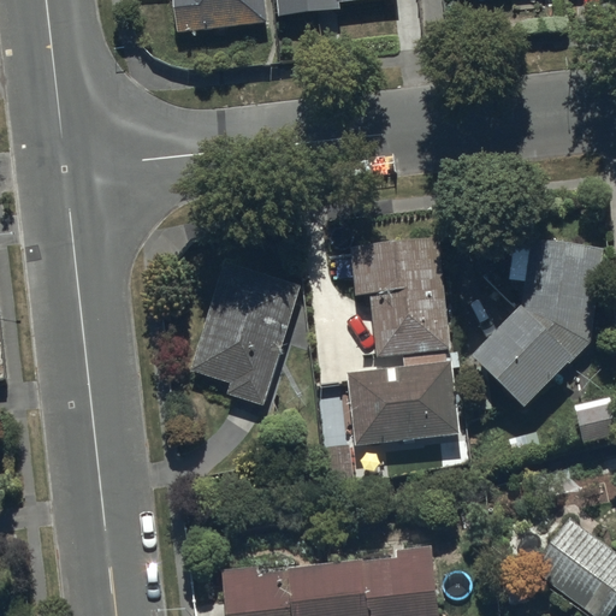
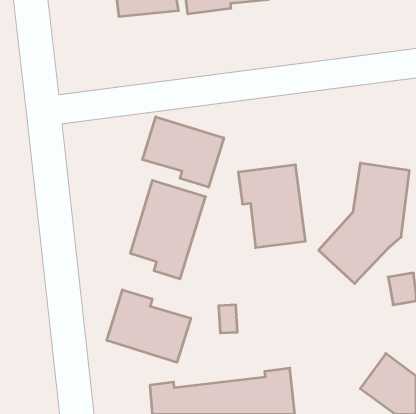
building: none -> [142,117,224,187]
building: [348,367,457,449] -> none
building: none -> [107,290,191,362]

